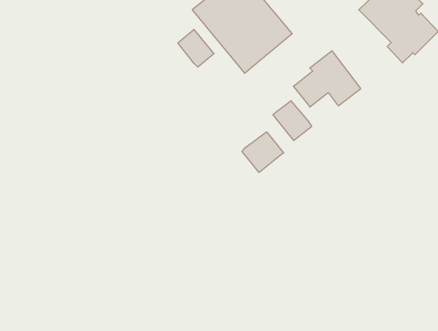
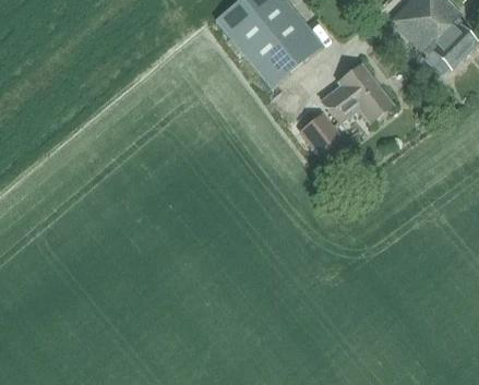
building: [178,29,214,67] -> none
building: [242,132,284,172] -> none

